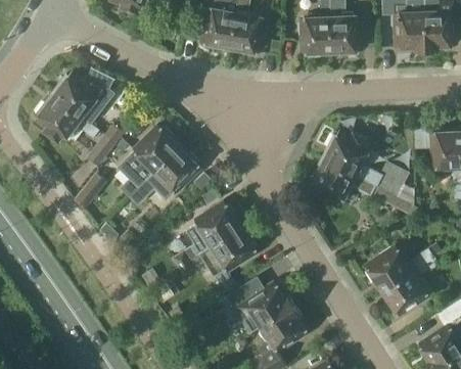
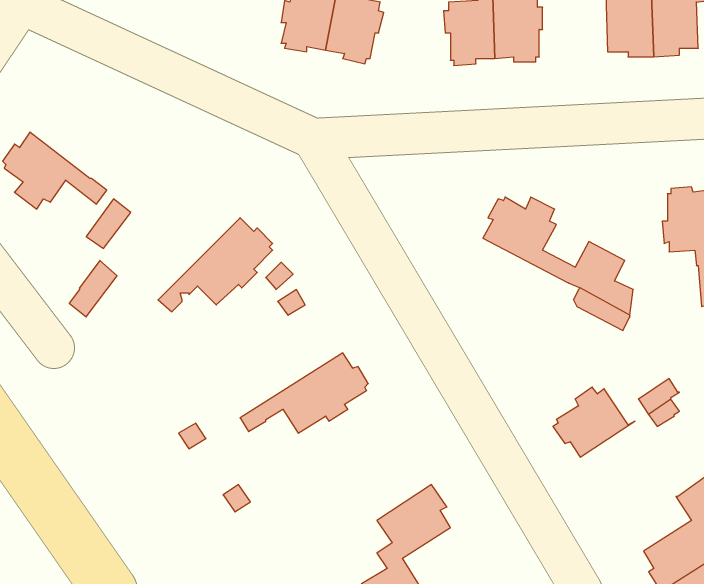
building: [53,65,114,122] -> none
building: [120,126,179,194] -> none
building: [310,157,375,202] -> none
building: [174,202,240,265] -> none
building: [382,267,430,312] -> none
building: [223,279,293,332] -> none

